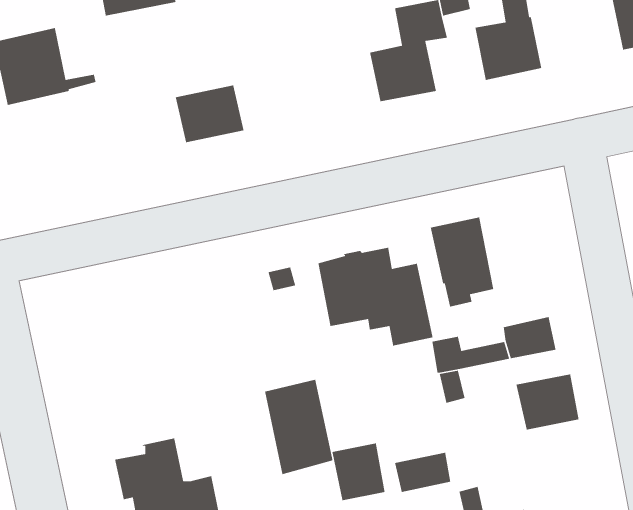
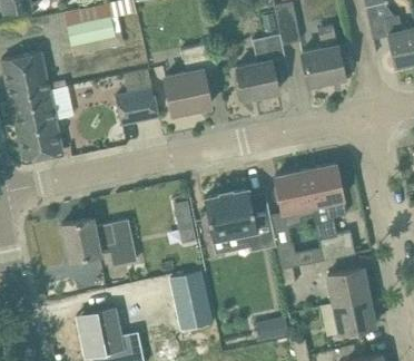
building: none -> [165,43,217,115]
building: none -> [10,87,72,160]
building: none -> [305,165,345,227]
building: none -> [61,218,136,265]
building: none -> [334,297,374,334]
building: [332,442,385,501] -> none

